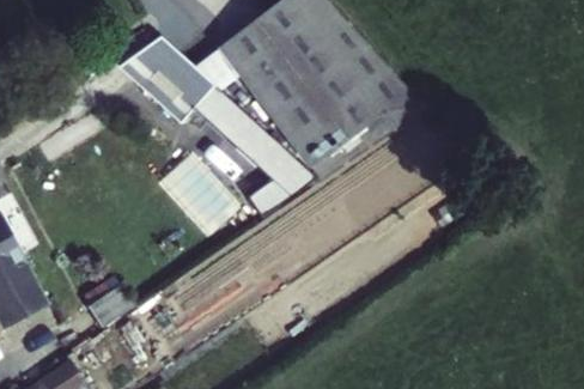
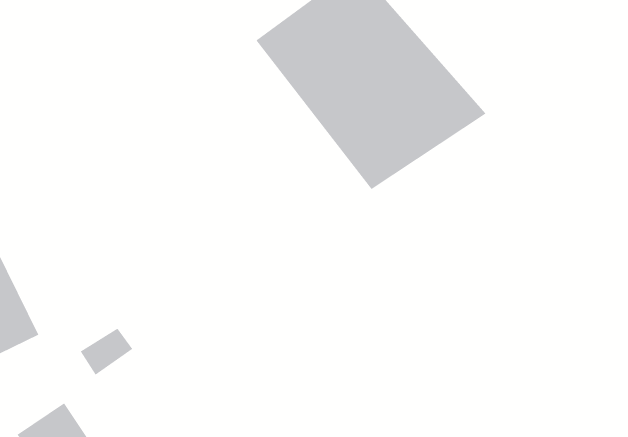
building: [110,20,321,209] -> none

